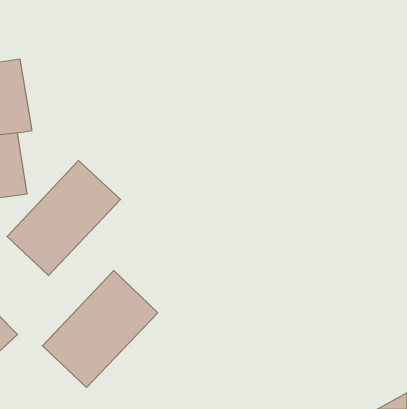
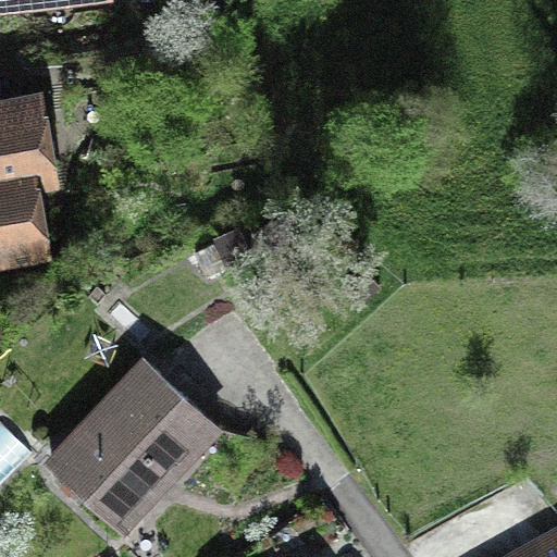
building: [7,160,121,276] -> none

